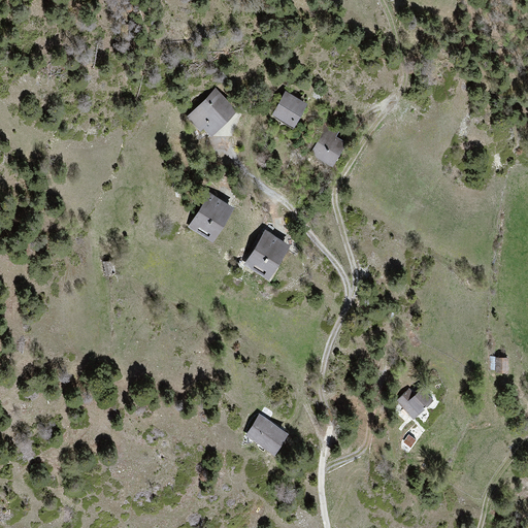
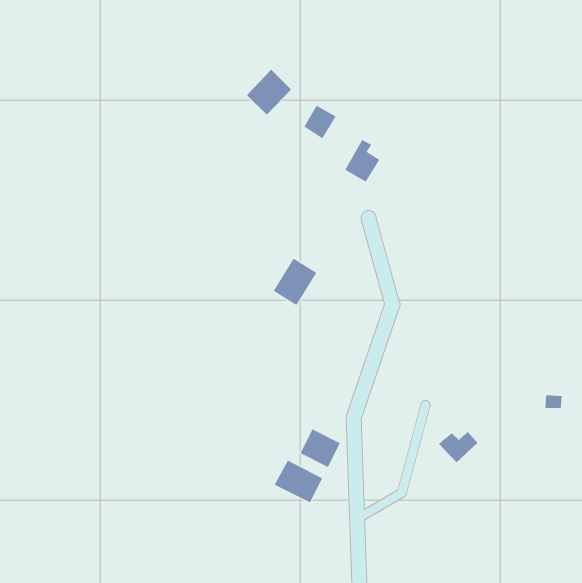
building: [192,92,233,134] -> [246,69,292,116]
building: [191,196,231,238] -> none
building: none -> [300,429,341,468]

